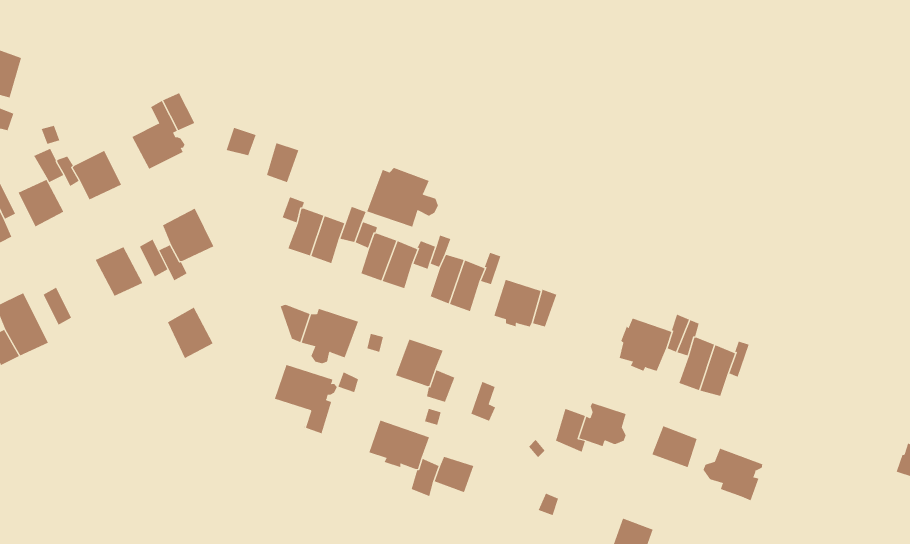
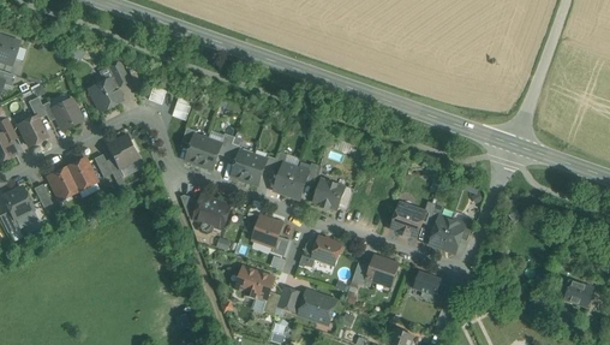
building: [366,167,439,228] -> none
building: [167,307,214,359] -> [48,166,77,198]
building: [274,364,338,434] -> none
building: none -> [311,236,341,263]
building: [703,448,763,501] -> none
building: none -> [299,290,335,322]

